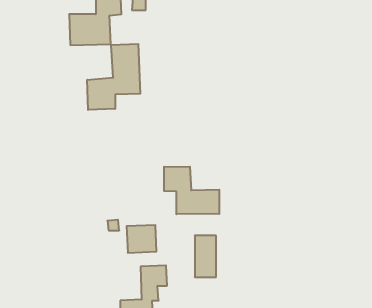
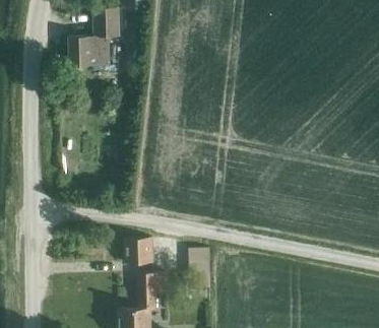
building: [87,44,140,110] -> none
building: [164,167,219,214] -> none

